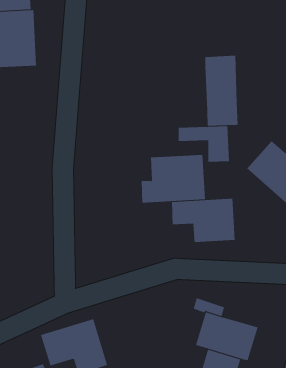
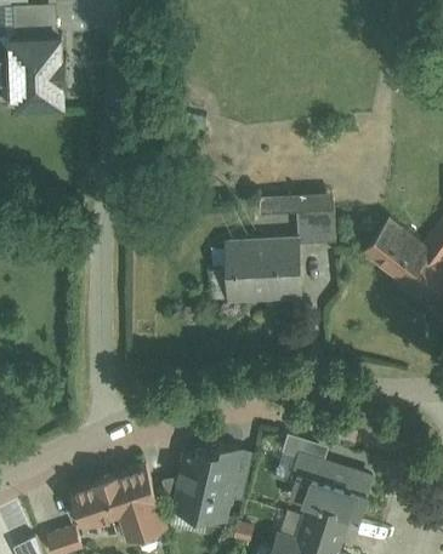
building: [205,55,238,127] -> none
building: [172,198,235,243] -> none
building: none -> [169,441,243,524]

